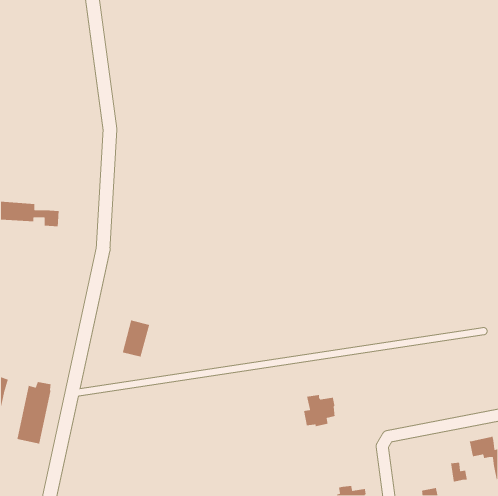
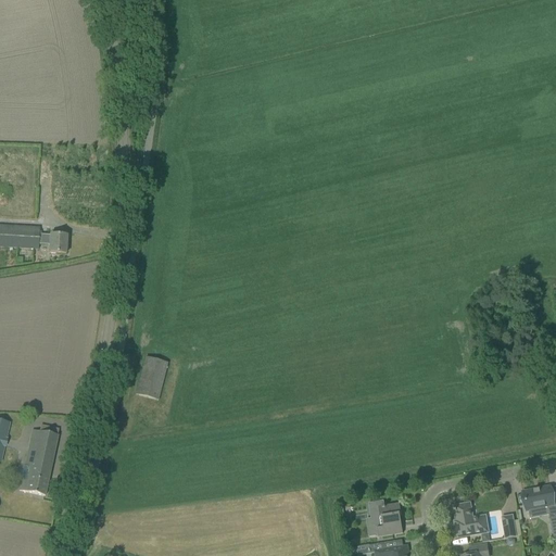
building: [303,394,335,427] -> [365,500,401,536]
building: none -> [453,502,489,538]

